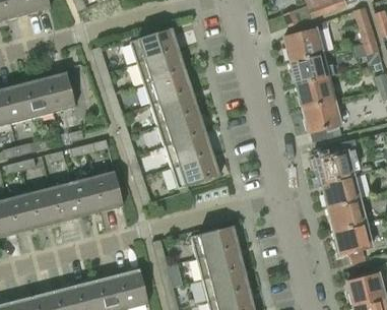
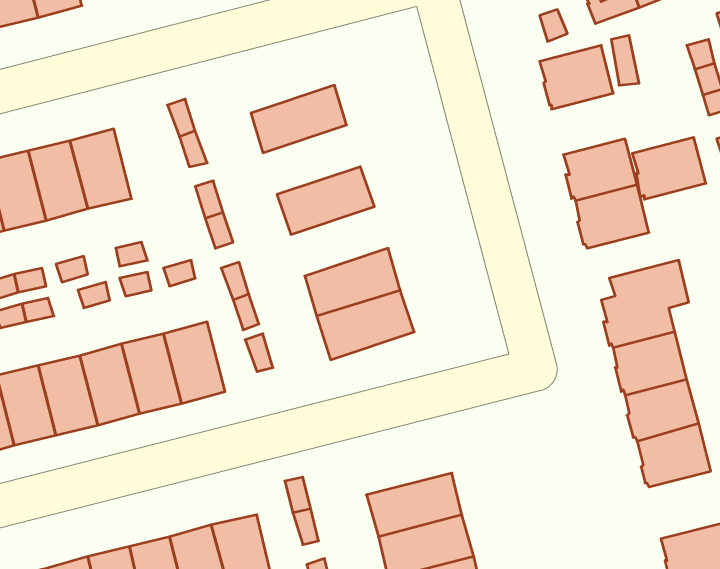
building: [130,27,180,63] -> none
building: [291,53,328,84] -> [632,138,706,199]
building: [143,69,193,105] -> none
building: [157,111,207,146] -> none
building: [191,225,240,258] -> none

